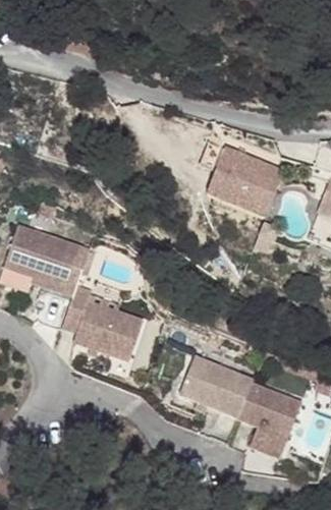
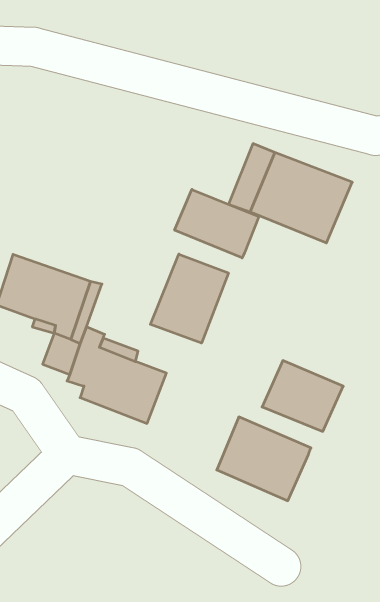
building: none -> [175,189,259,258]
building: none -> [150,254,228,343]
building: [235,386,299,442] -> [262,361,343,431]

